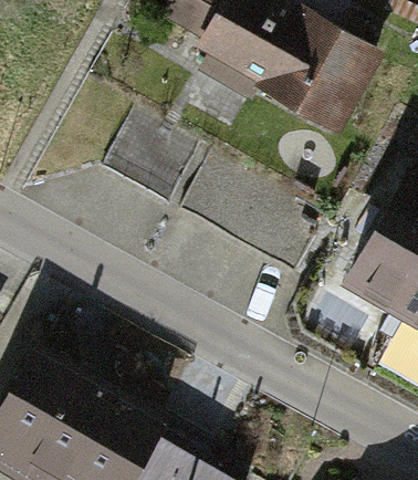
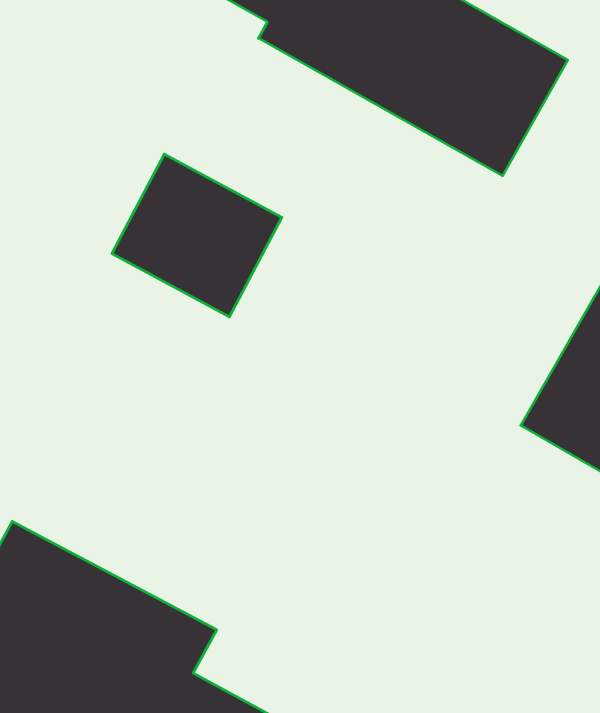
building: [179,161,328,284] -> none

